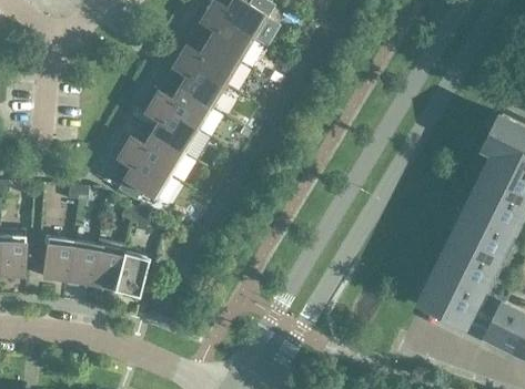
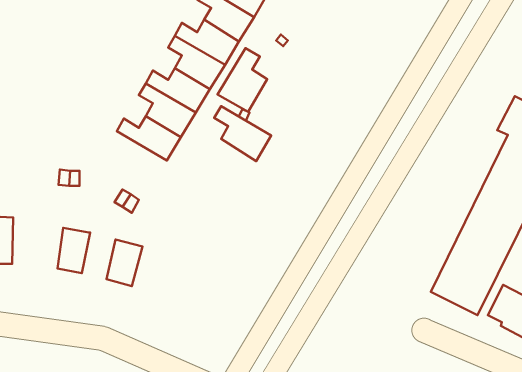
building: none -> [218,48,267,112]
building: [114,150,169,202] -> [214,106,271,161]
building: [40,238,70,280] -> none
building: [88,240,121,290] -> none

